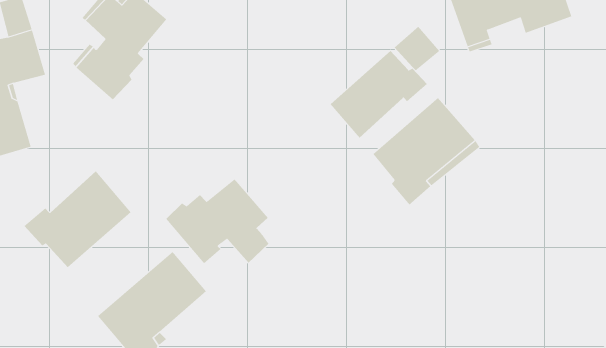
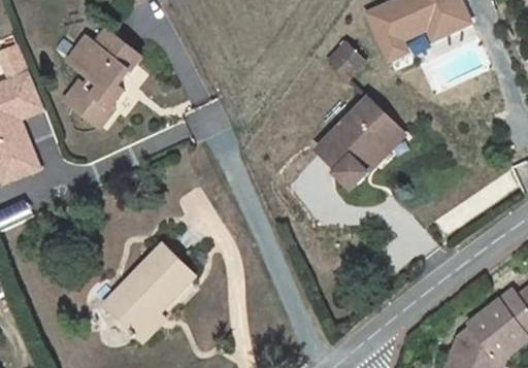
building: [330,50,428,139] -> none
building: [24,171,131,268] -> none
building: [165,178,269,264] -> none

